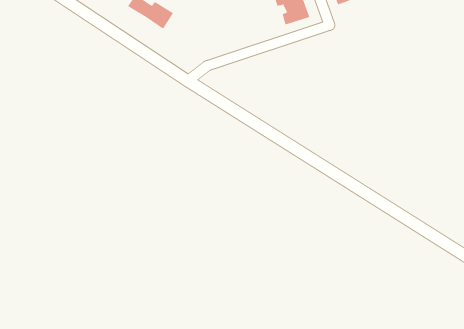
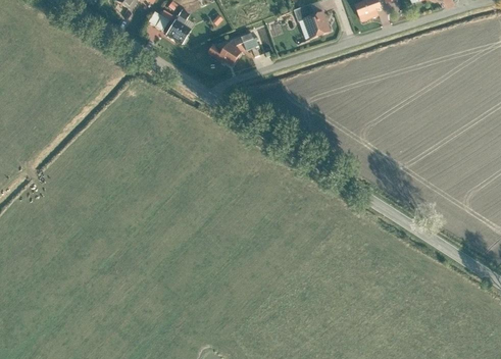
building: none -> [208,34,259,67]

